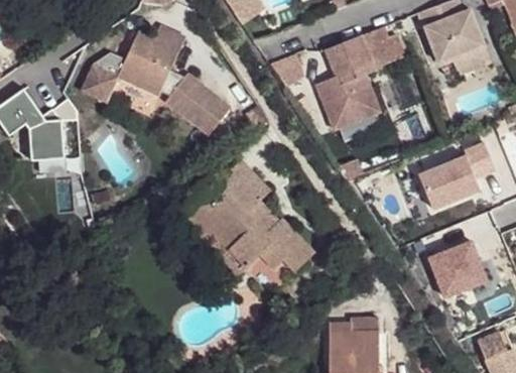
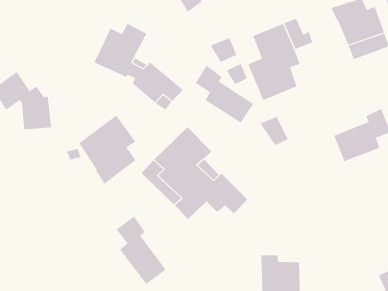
building: [84,57,129,106] -> none
building: none -> [195,65,254,124]
building: none -> [79,115,136,185]
building: [432,241,487,293] -> none
building: none -> [116,215,167,285]

